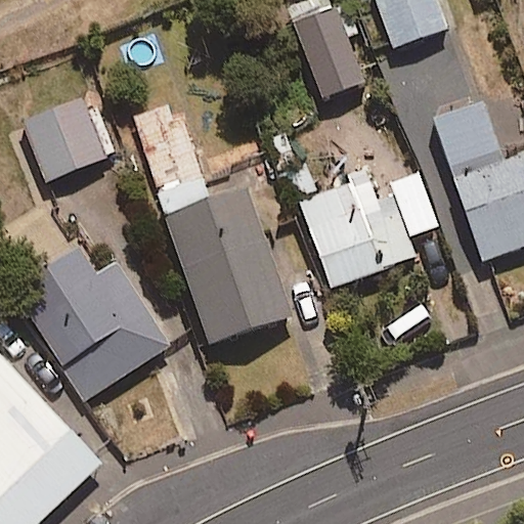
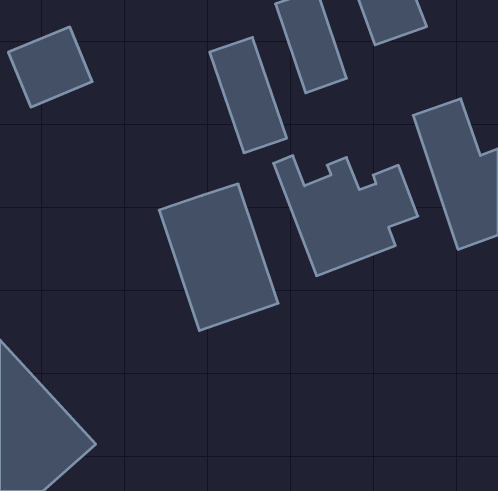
building: [24,96,112,180] -> [8,27,92,107]
building: [131,99,212,220] -> [210,37,287,153]
building: [15,250,169,399] -> none

